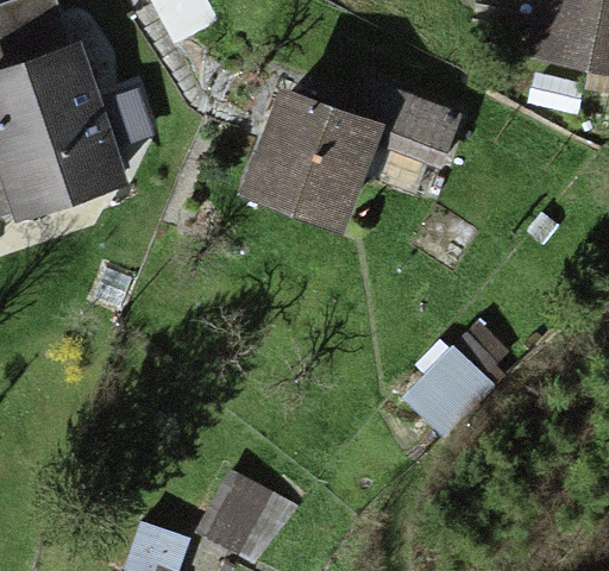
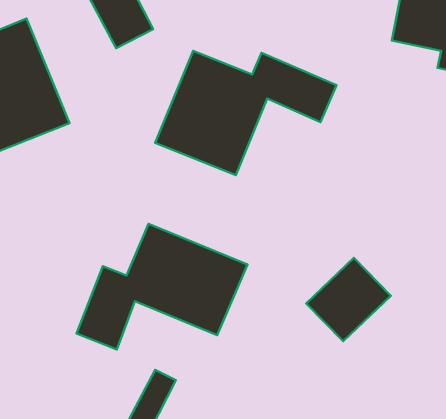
building: none -> [76,224,247,349]

